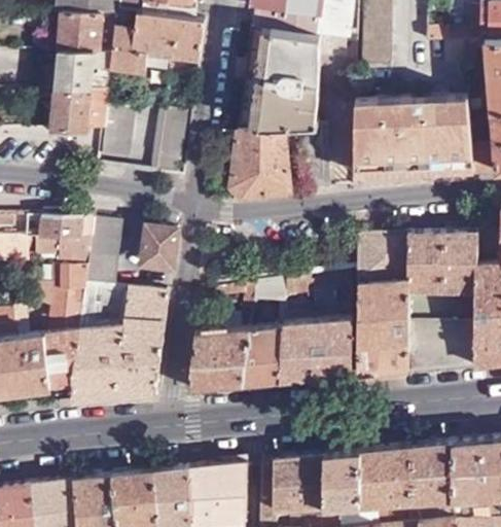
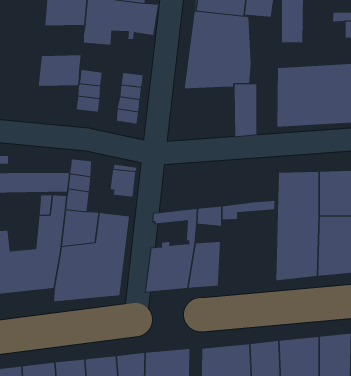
building: [56,50,111,90] -> none
building: [230,130,290,203] -> none
building: [40,216,94,239] -> none
building: [282,320,353,384] -> none

